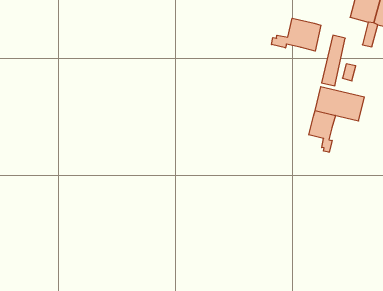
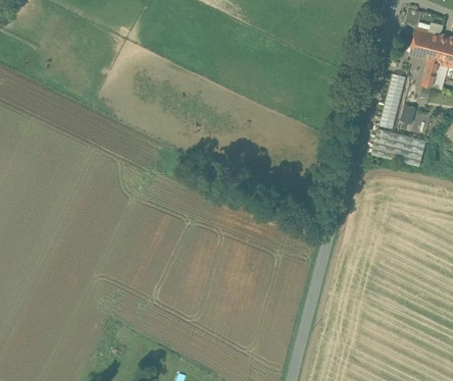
building: [272,18,321,51] -> none
building: [309,111,335,152] -> none

